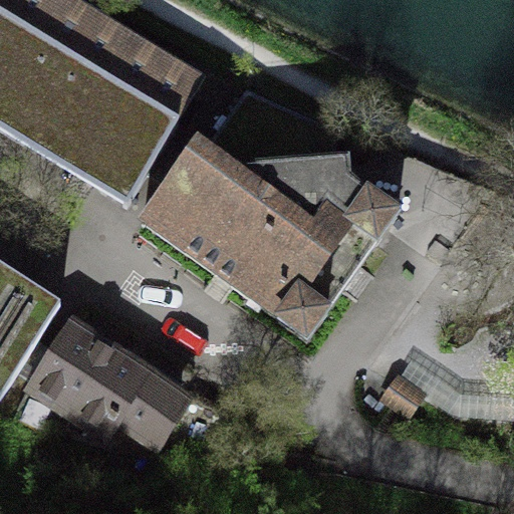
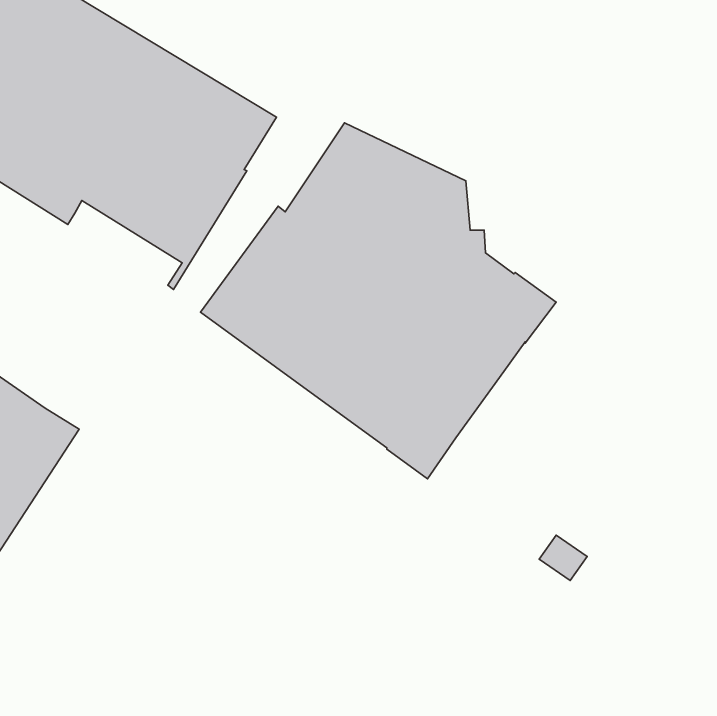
building: [33,331,216,439] -> none

